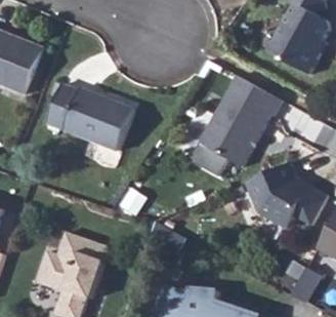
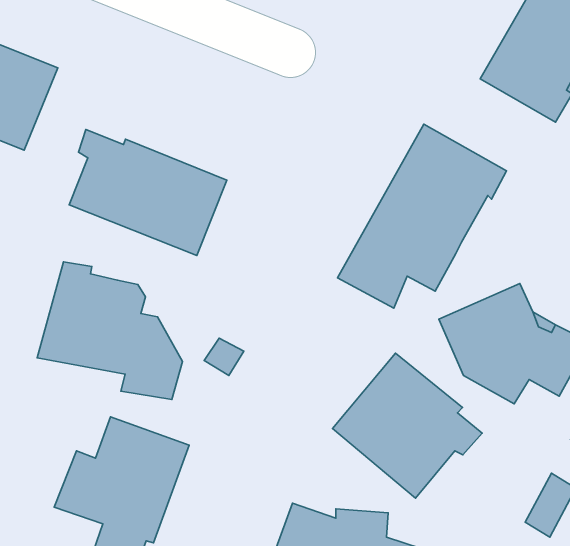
building: none -> [37,262,183,400]
building: none -> [333,353,482,498]

